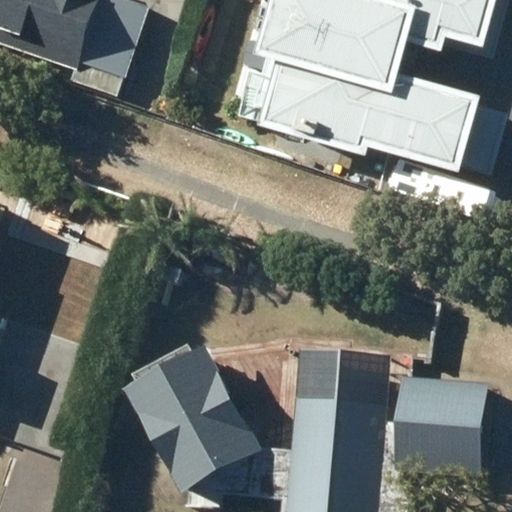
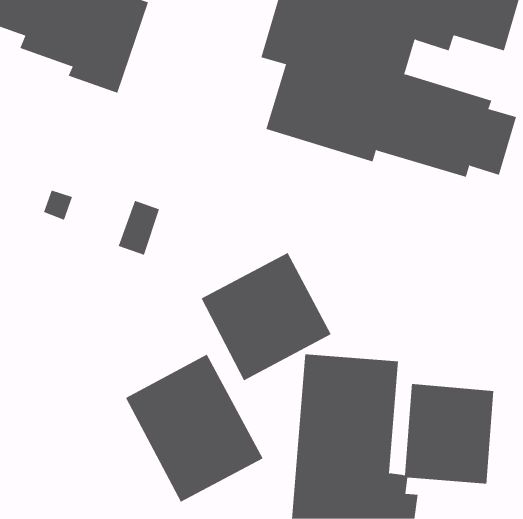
building: none -> [201,252,332,381]

